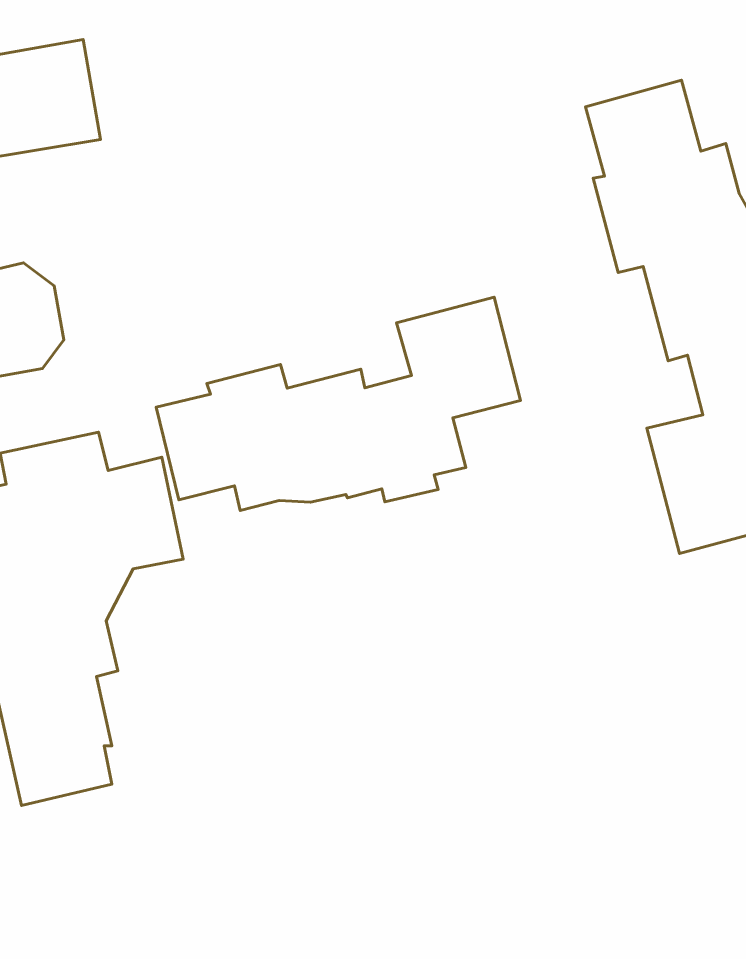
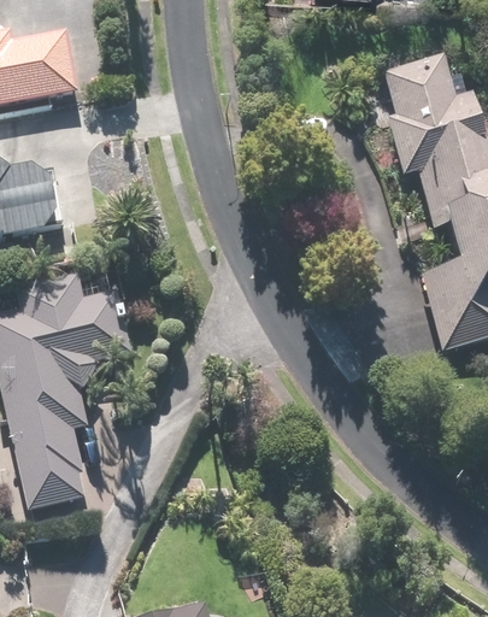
building: [156,297,521,510] -> none

